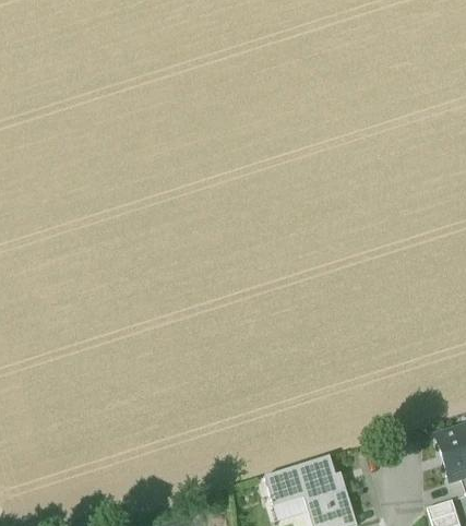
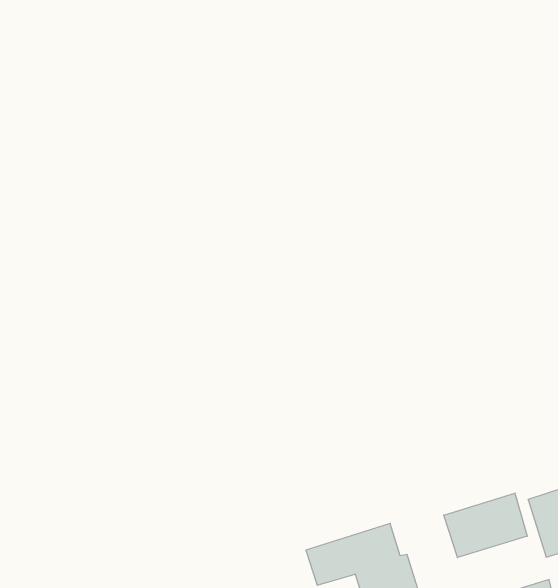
building: none -> [444,493,527,558]

